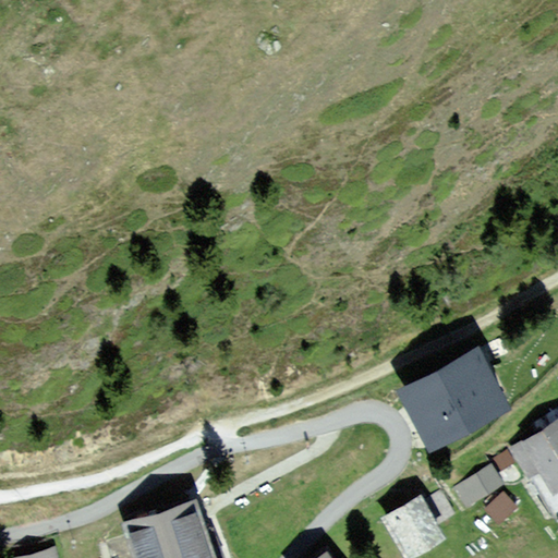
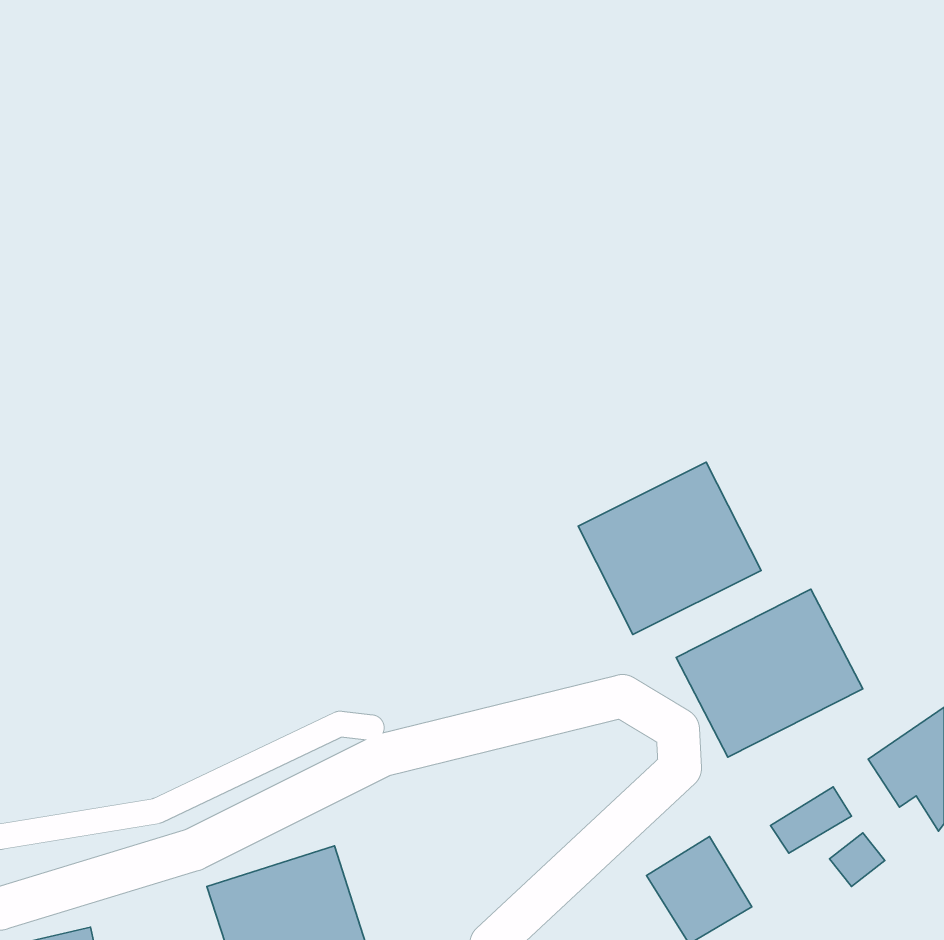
building: none -> [578,462,761,634]

